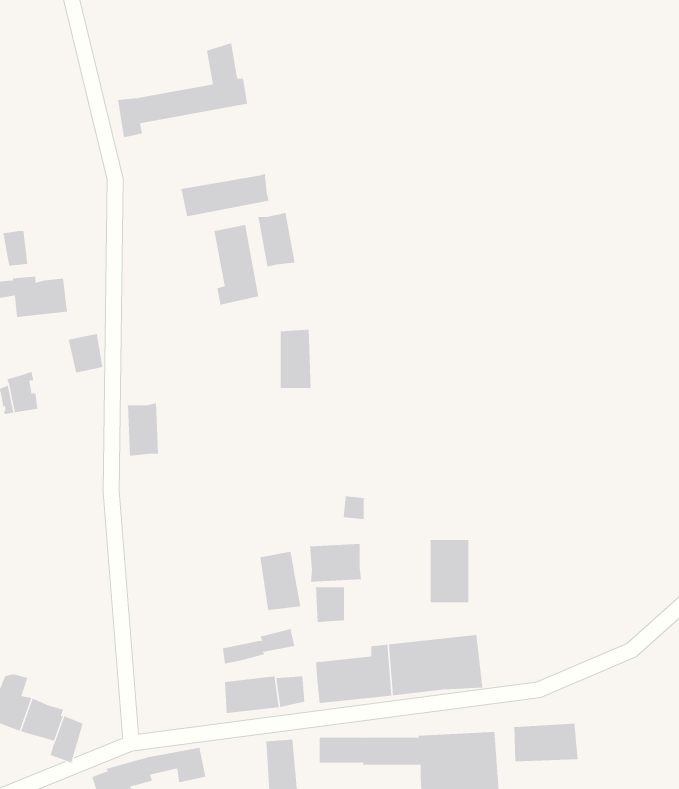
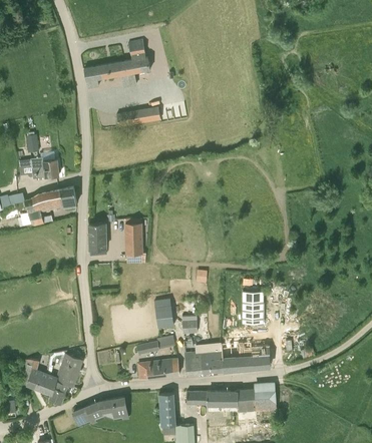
building: [258,212,295,267] -> none
building: [214,224,259,306] -> none
building: [280,329,312,389] -> [125,224,141,254]
building: none -> [31,189,62,210]
building: [309,543,361,583] -> none
building: none -> [45,351,80,386]
building: [514,723,578,762] -> none

